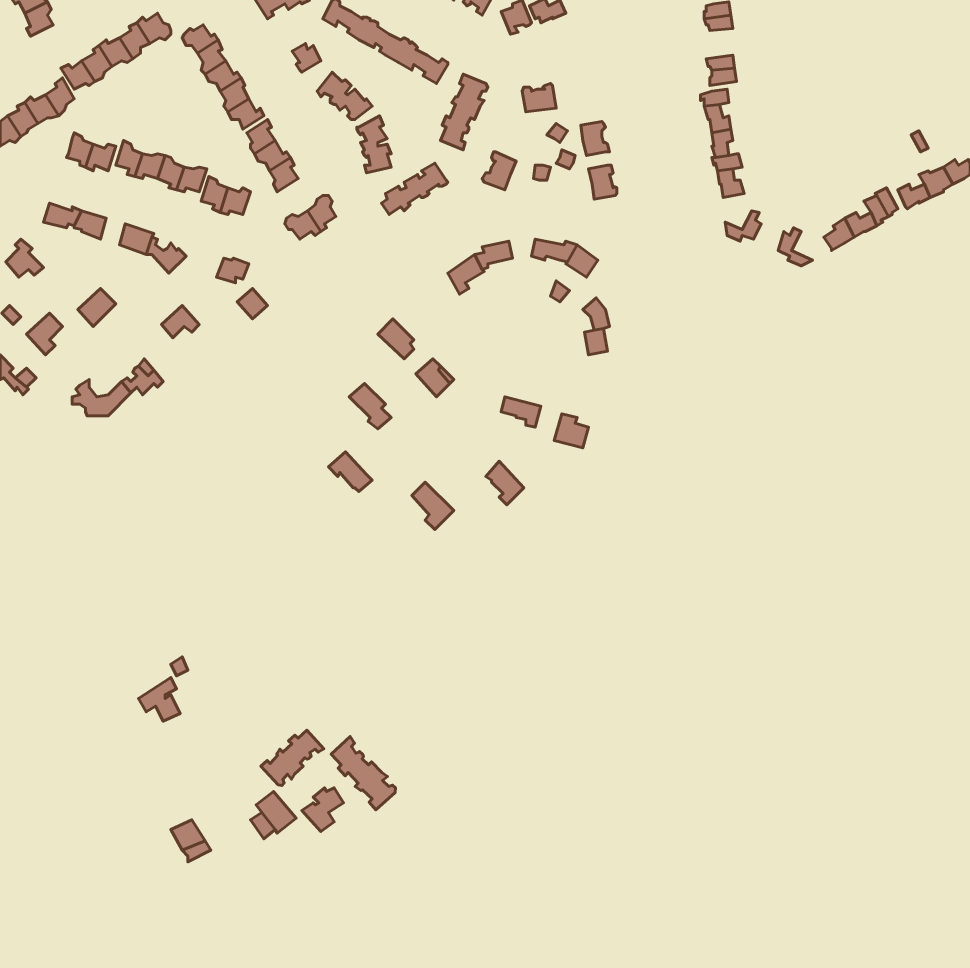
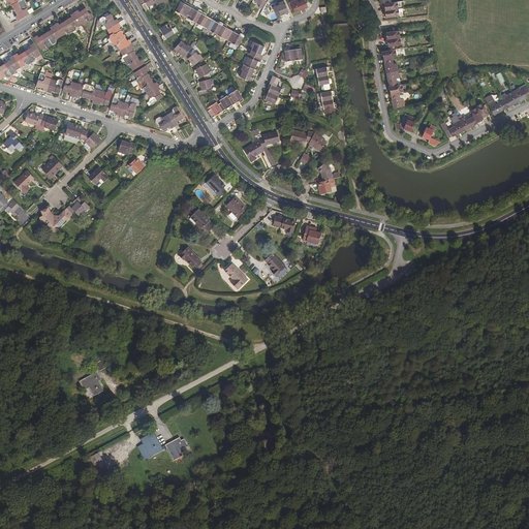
building: [261,730,324,786] -> none
building: [331,737,396,810] -> none

